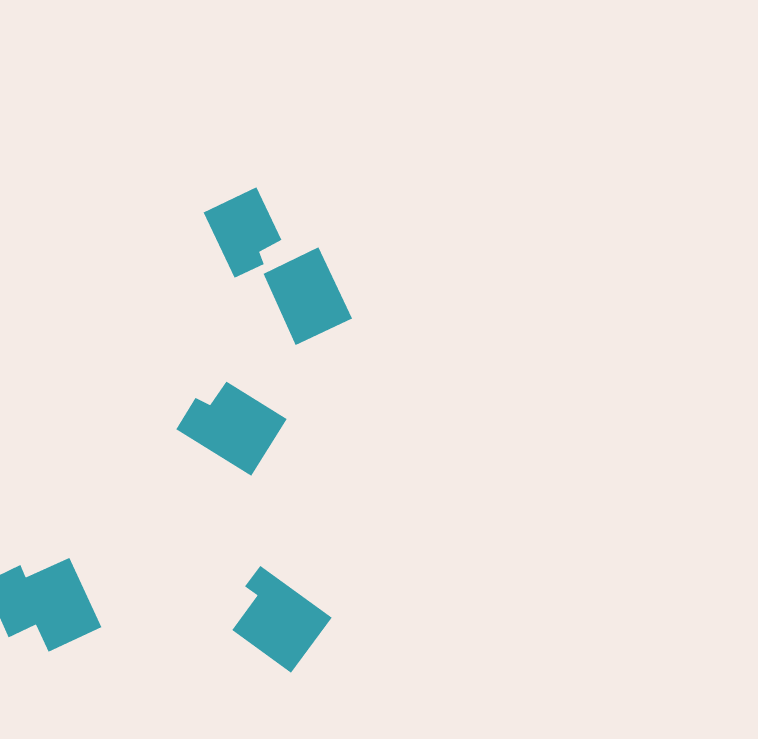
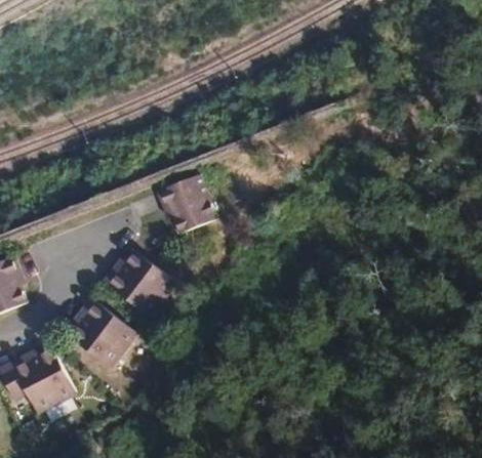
building: [203,186,282,279] -> none
building: [231,565,333,674] -> [82,300,139,362]

